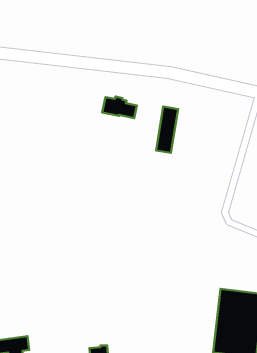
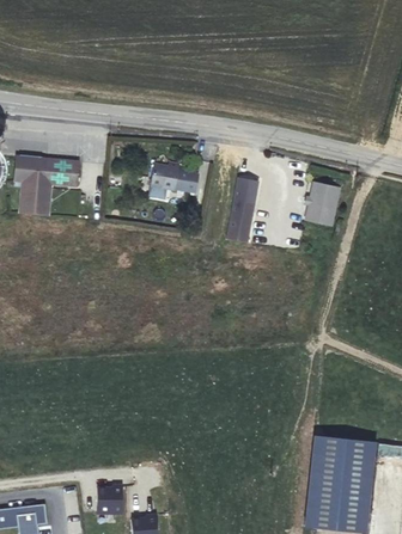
building: none -> [14,155,80,217]
building: none -> [306,182,341,226]
building: none -> [98,486,123,514]

